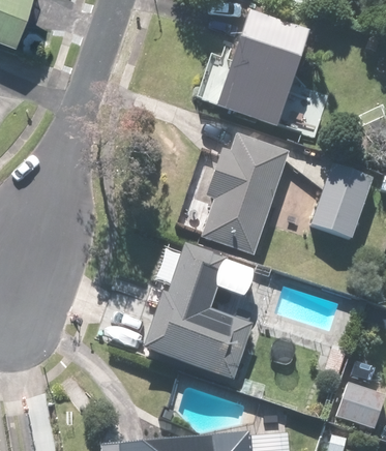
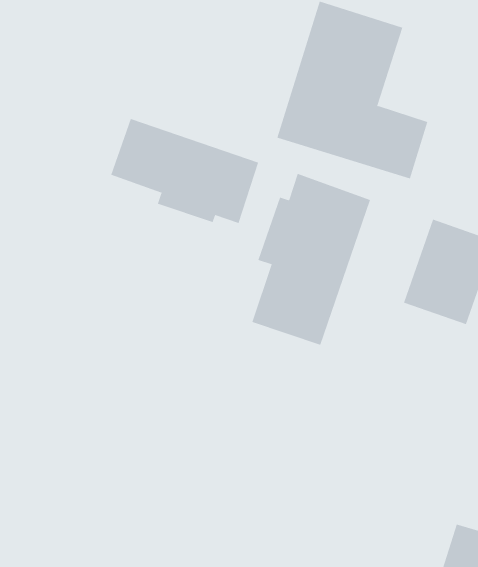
building: none -> [111,118,259,224]
building: [146,246,256,381] -> none

